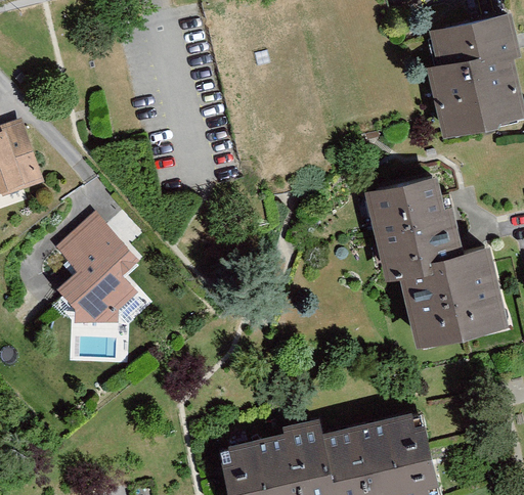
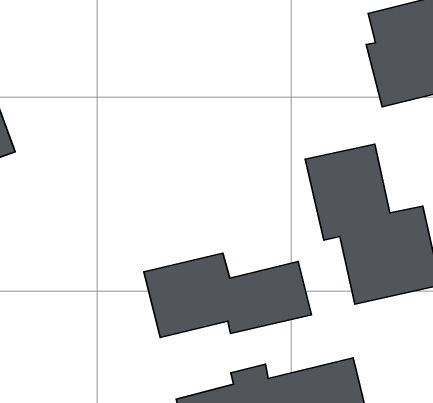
building: [53,213,141,323] -> none
building: none -> [144,253,312,337]

